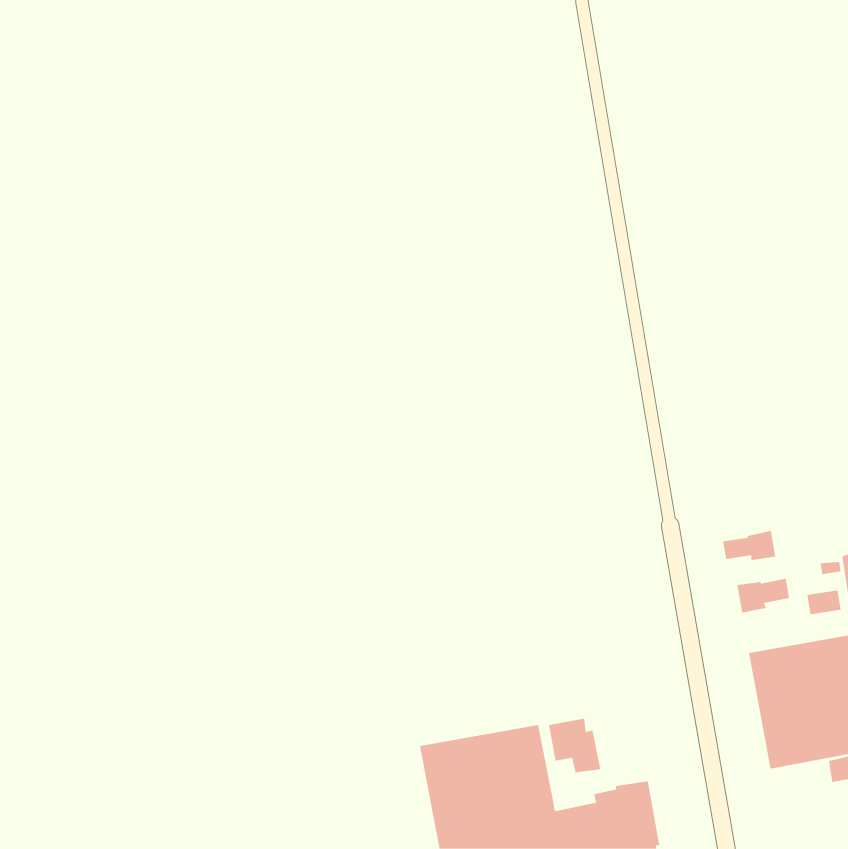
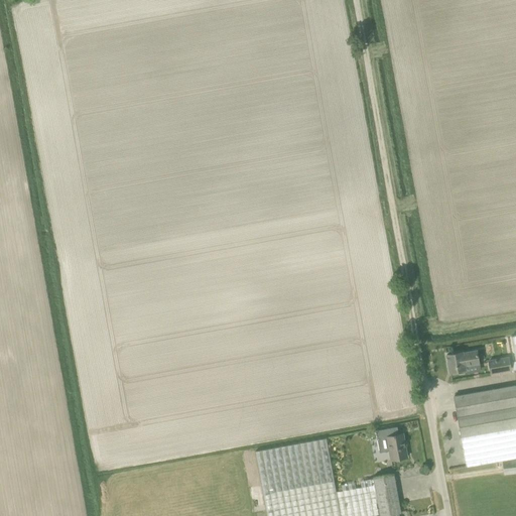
building: [722,530,776,561] -> none
building: [548,718,601,773] -> [376,426,408,460]

